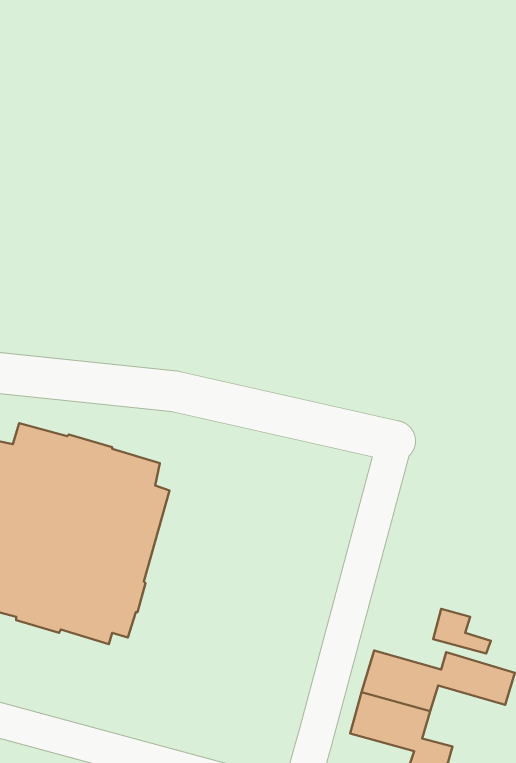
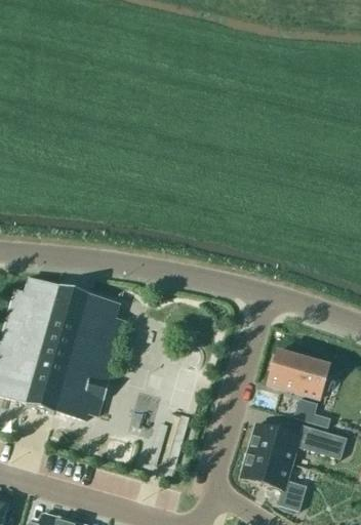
building: none -> [266,345,330,400]

